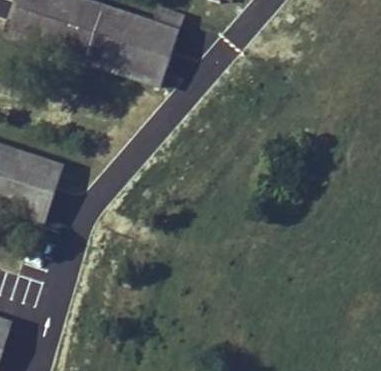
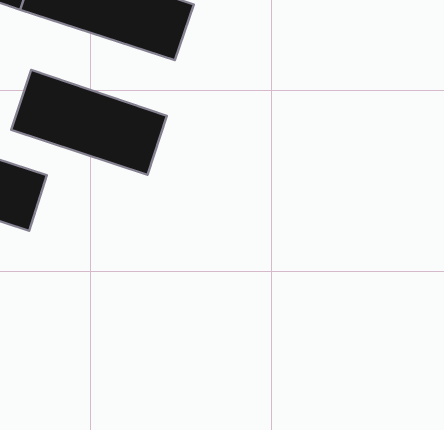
building: none -> [11,70,167,175]

